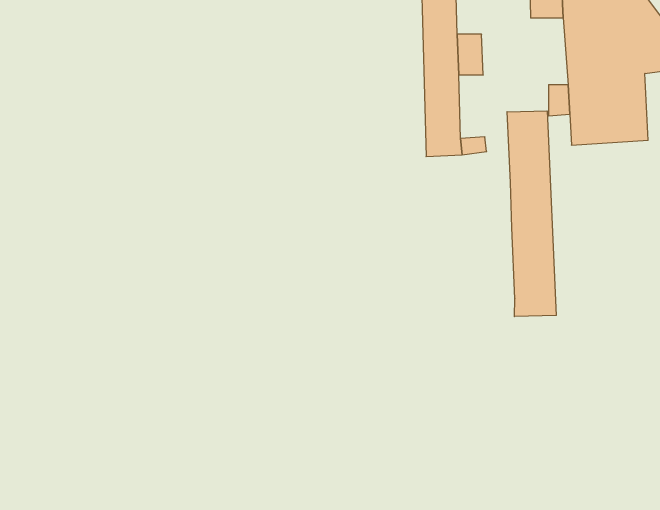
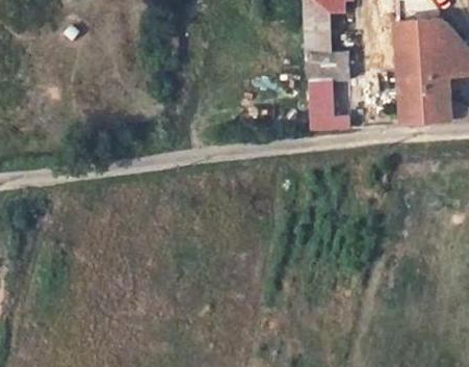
building: [507,111,556,317] -> none

